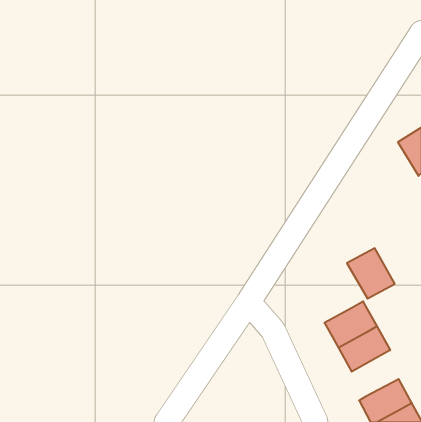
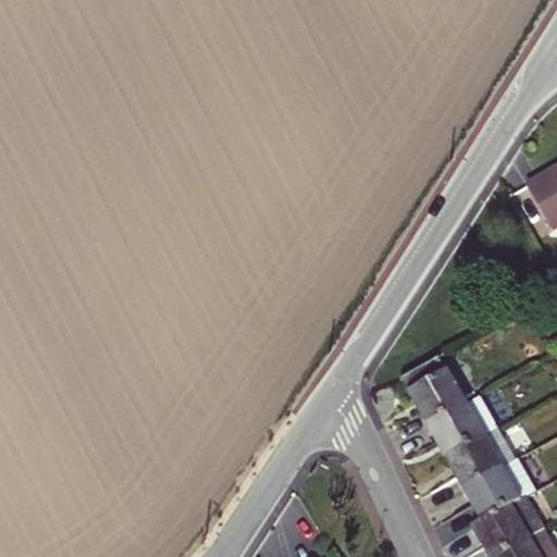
building: [347,248,395,299] -> [401,359,465,425]
building: none -> [465,461,533,522]

